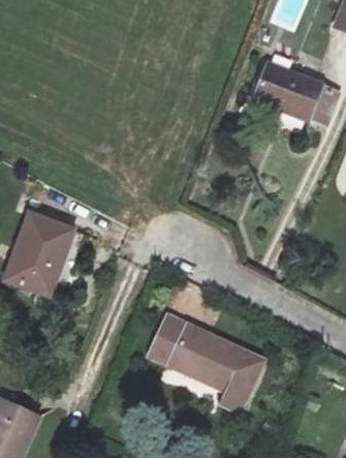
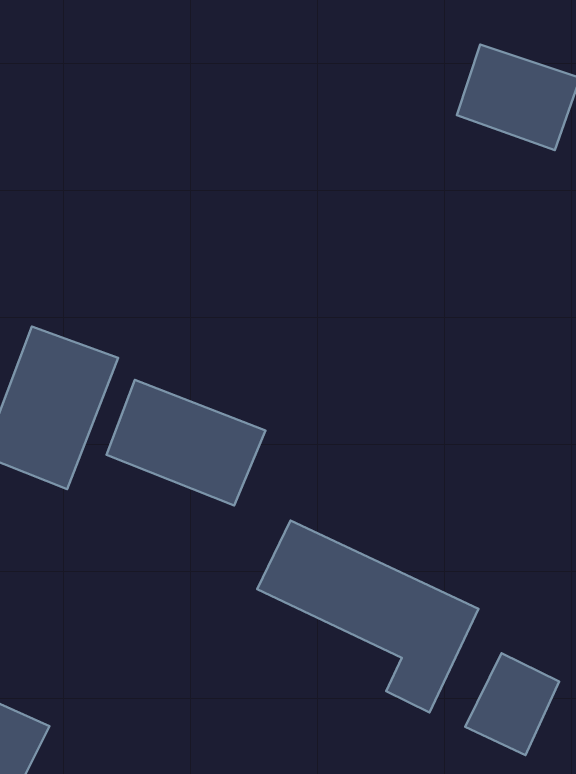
building: none -> [107,380,265,506]
building: none -> [465,653,559,755]

